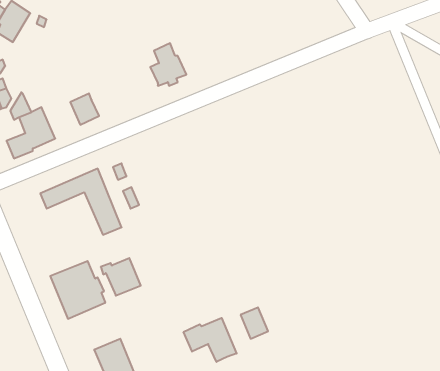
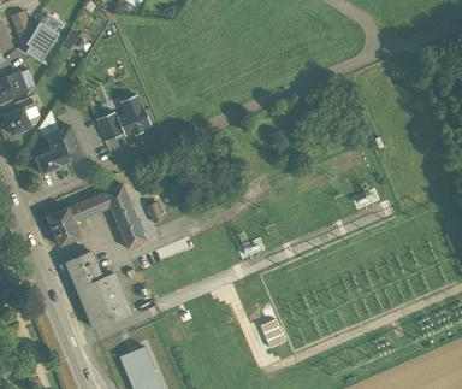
building: [150,43,186,86] -> [117,94,152,135]
building: none -> [47,207,79,244]
building: [101,258,141,296] -> [63,251,101,287]
building: [184,318,237,362] -> none

